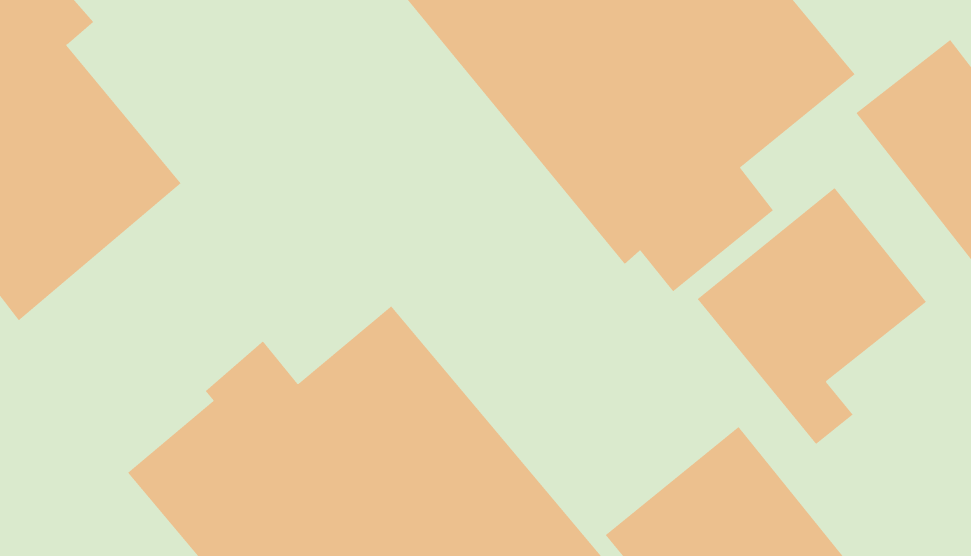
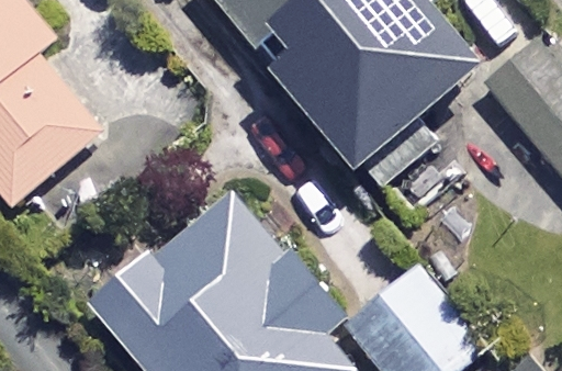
building: [697,187,927,445] -> none

